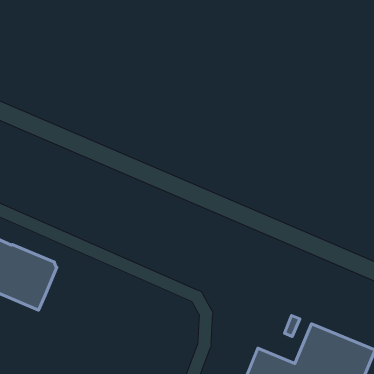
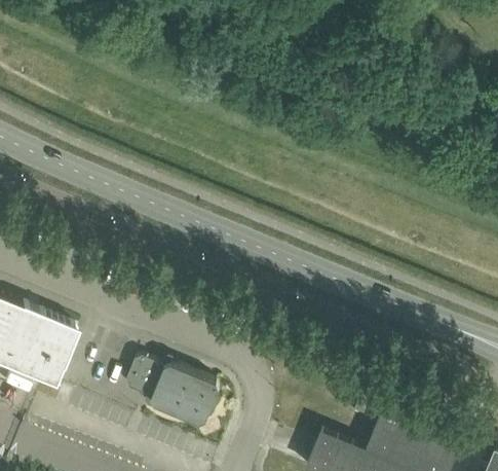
building: none -> [127,360,220,427]

